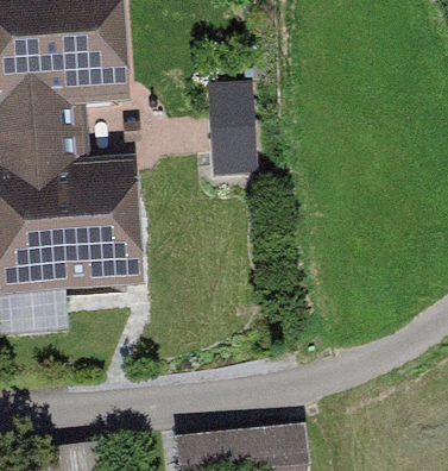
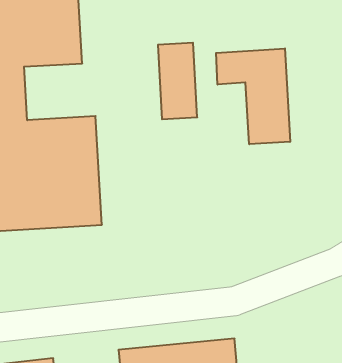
building: none -> [216,48,290,144]

